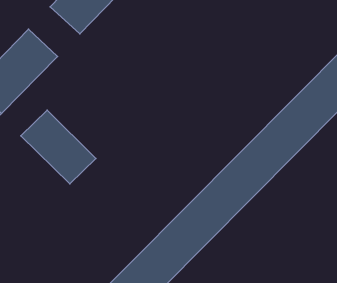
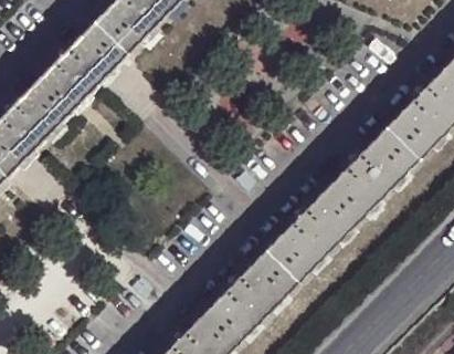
building: none -> [76,15,137,74]
building: [21,110,96,184] -> none

